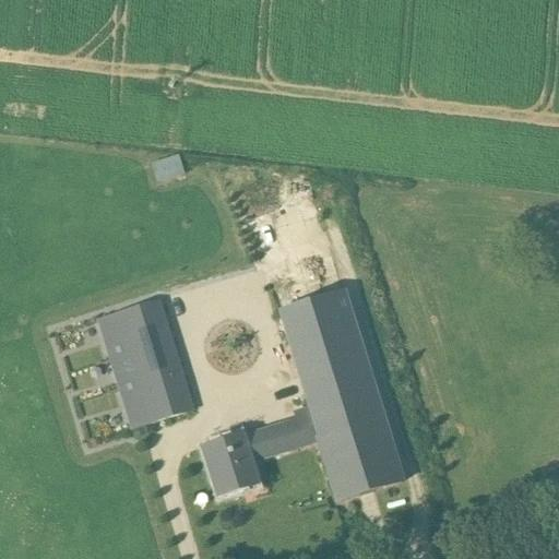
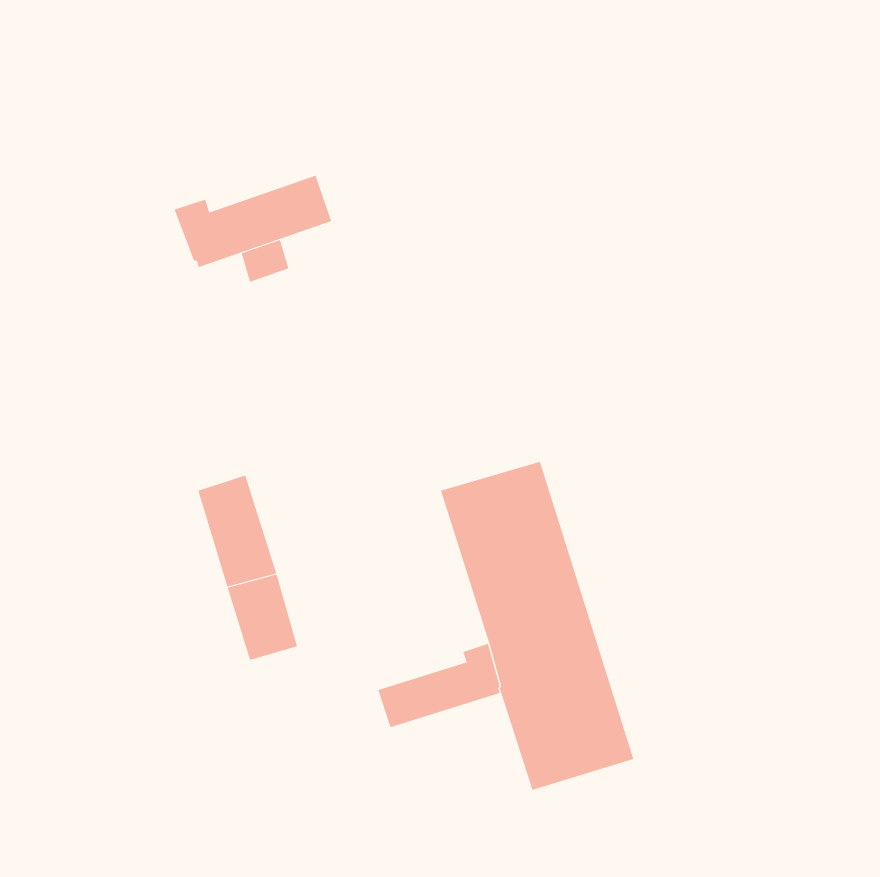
building: none -> [174,175,332,268]
building: [102,309,160,425] -> none
building: [204,435,257,495] -> none

